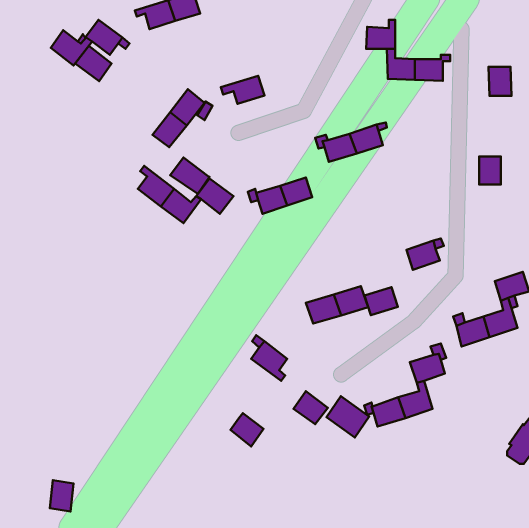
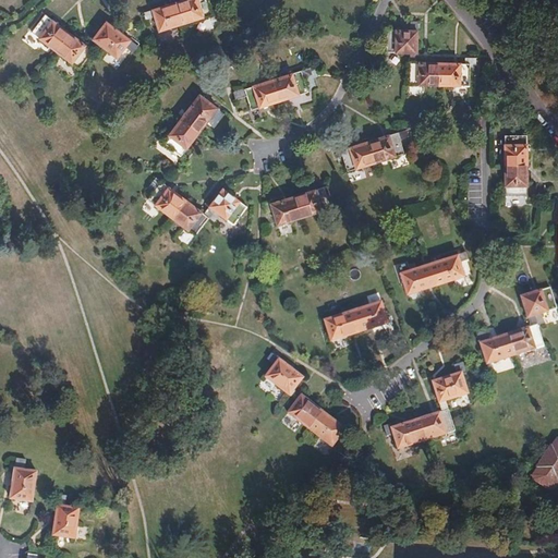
building: [75,46,112,81] -> [29,13,68,50]
building: none -> [272,68,312,100]
building: [489,67,511,96] -> [504,134,527,165]
building: [170,157,210,194] -> none
building: [365,287,398,315] -> [400,263,435,292]
building: [326,396,369,438] -> none
building: [230,413,264,446] -> [288,395,323,429]
building: none -> [10,458,37,500]

